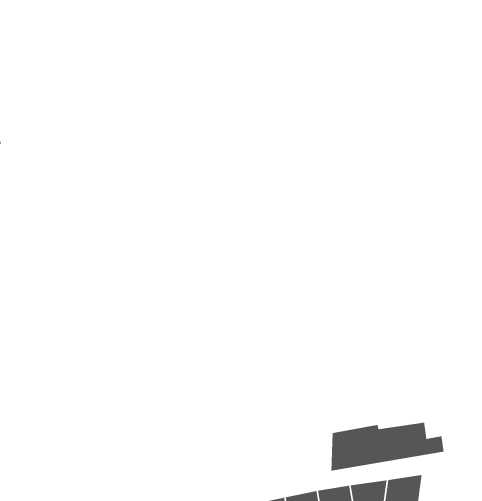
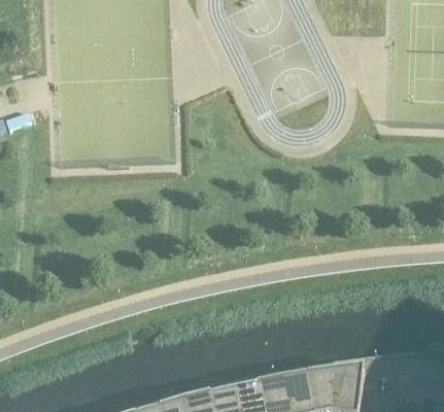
building: [331,422,444,471] -> none

